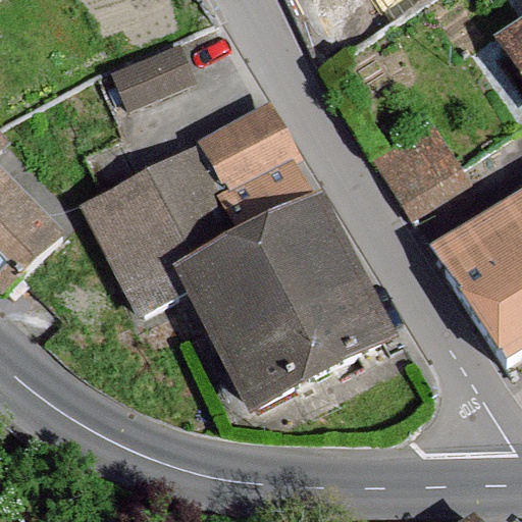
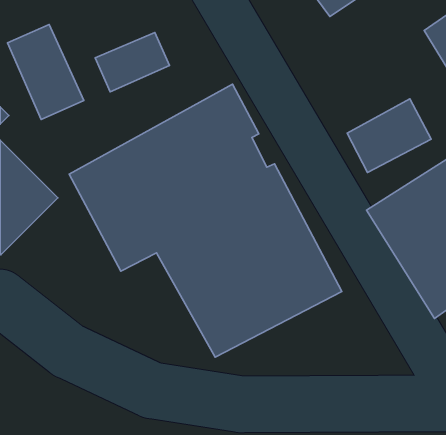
building: none -> [7,25,84,120]
building: none -> [347,99,431,173]

